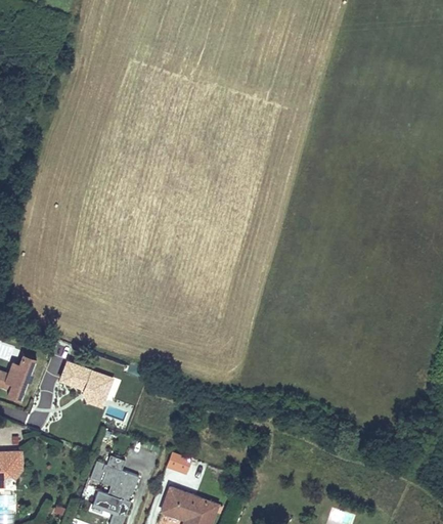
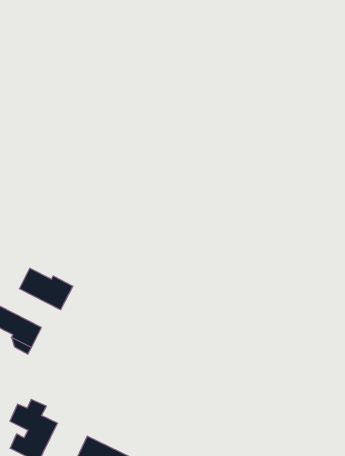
building: none -> [19,268,73,310]
building: [165,451,191,475] -> none

